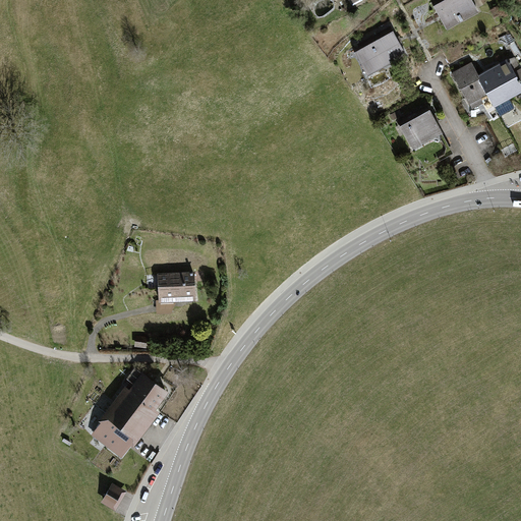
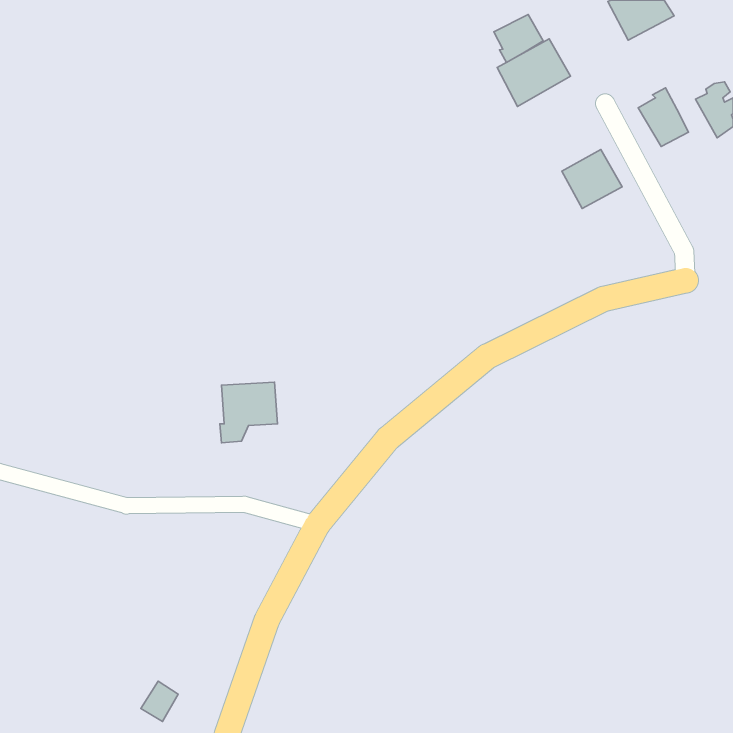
building: none -> [494,14,543,63]
building: [479,71,508,106] -> none
building: [91,368,169,458] -> none

